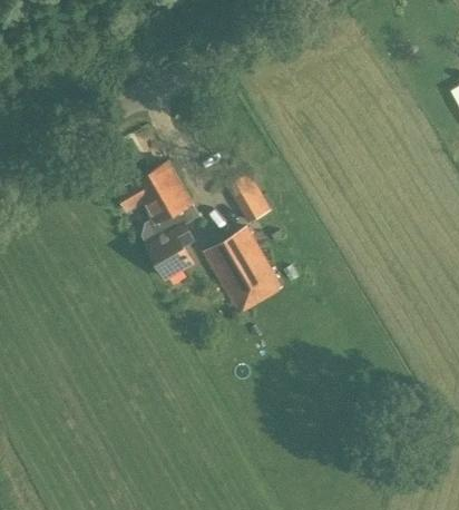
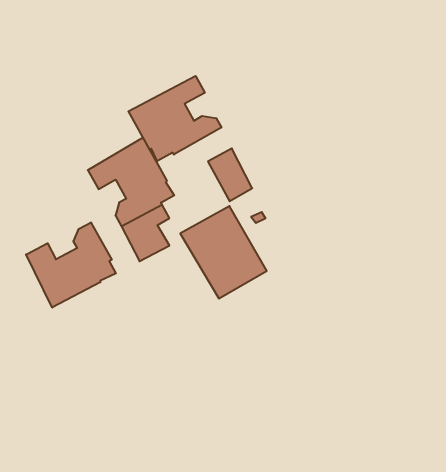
building: none -> [128,76,221,161]
building: none -> [26,222,116,308]

